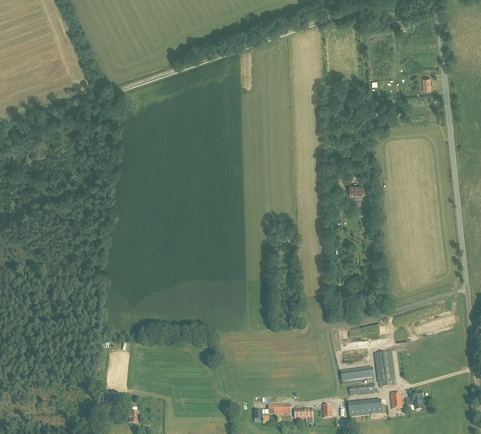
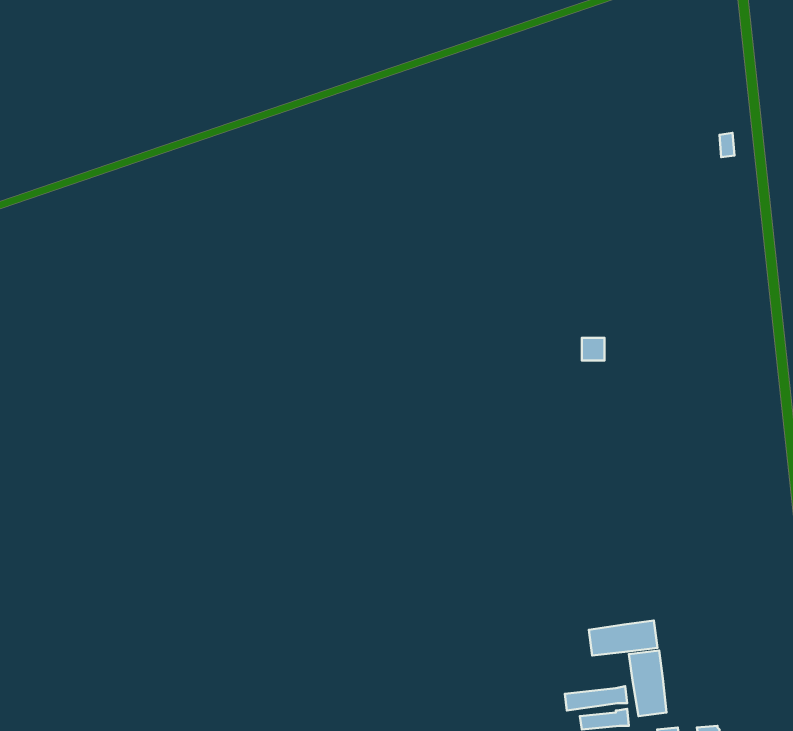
building: none -> [589,621,658,655]

